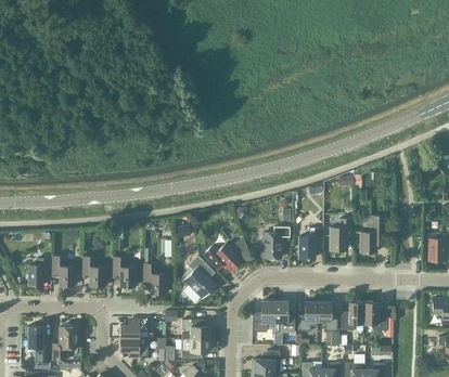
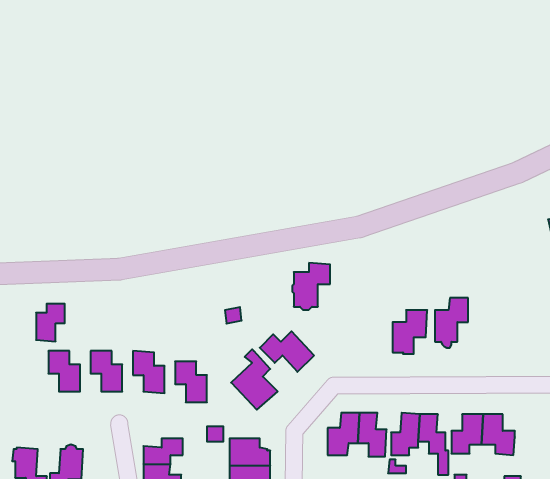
building: [360,216,387,252] -> none
building: [262,226,290,260] -> [292,263,330,310]
building: [29,259,50,286] -> [36,304,65,341]

